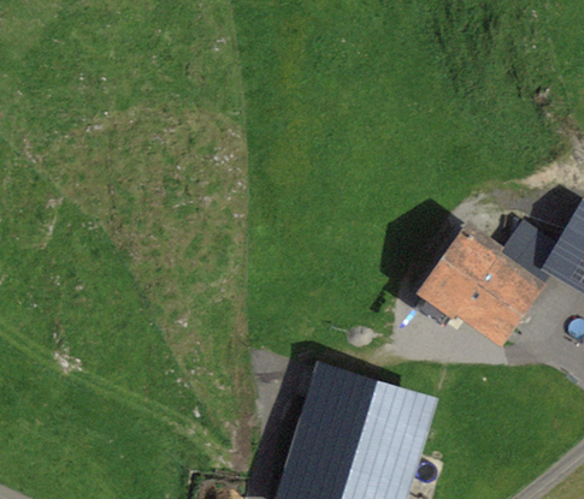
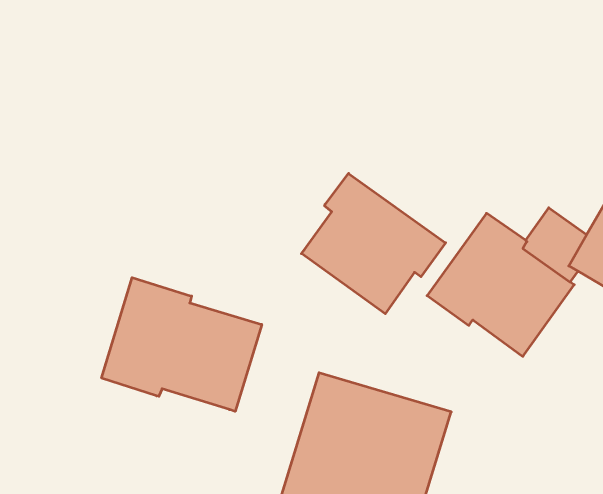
building: none -> [301,173,446,314]
building: none -> [102,278,262,411]

